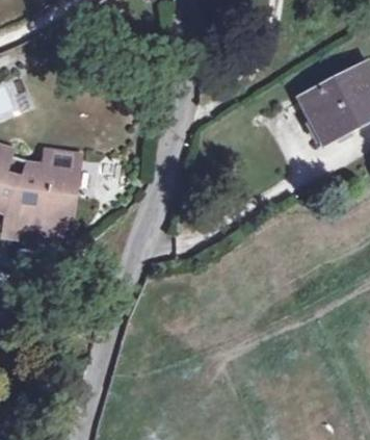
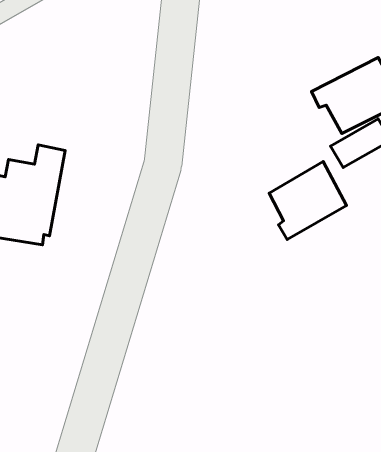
building: none -> [269,162,347,240]

